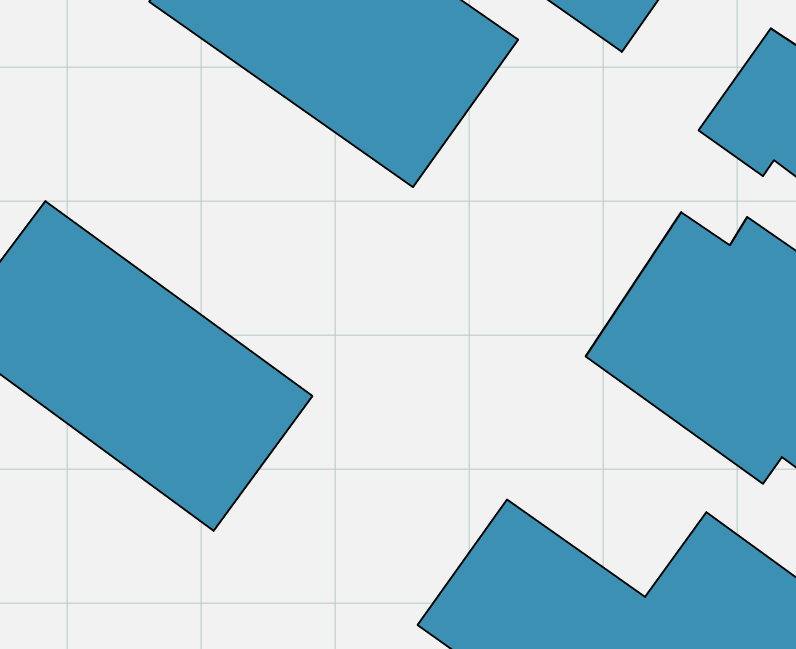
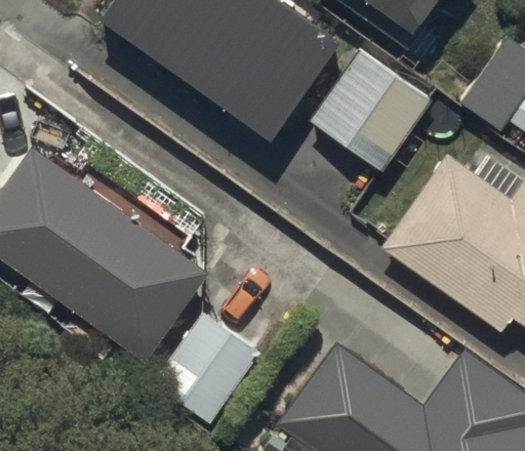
building: none -> [309,48,430,170]
building: none -> [156,315,260,423]

